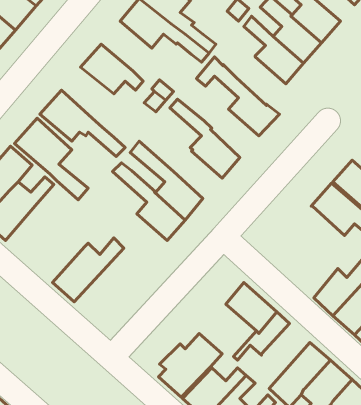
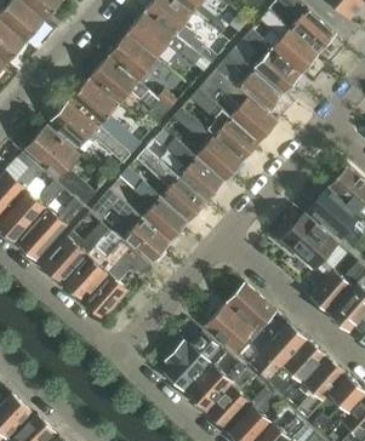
building: none -> [108,34,160,85]
building: none -> [216,48,284,114]
building: none -> [70,78,127,144]
building: none -> [190,88,258,164]
building: none -> [154,128,223,202]
building: none -> [92,189,171,263]
building: none -> [17,199,82,259]
building: none -> [276,214,348,279]
building: none -> [42,223,109,282]
building: none -> [82,250,149,319]
building: none -> [205,303,256,353]
building: none -> [260,321,307,383]

